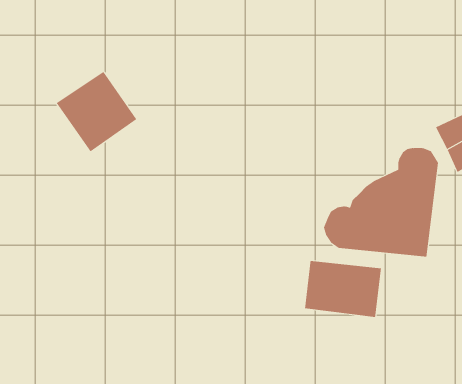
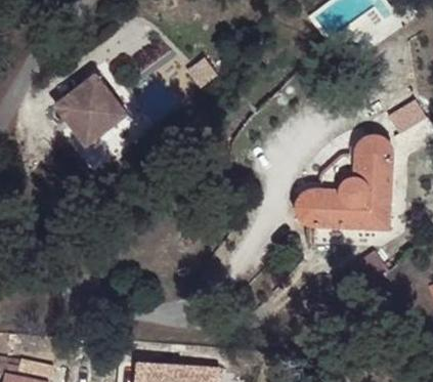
building: [305,260,382,318] -> none

